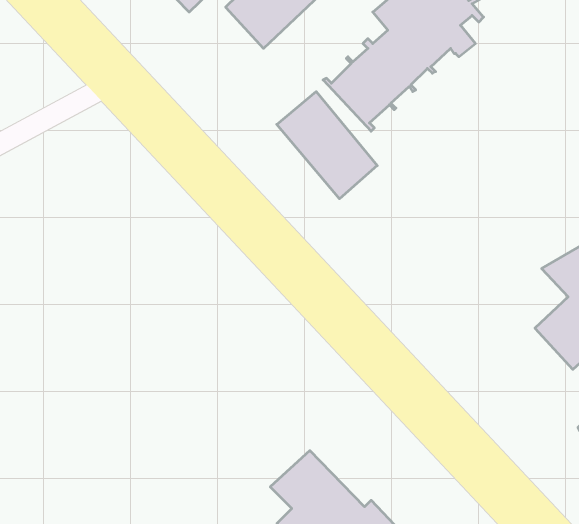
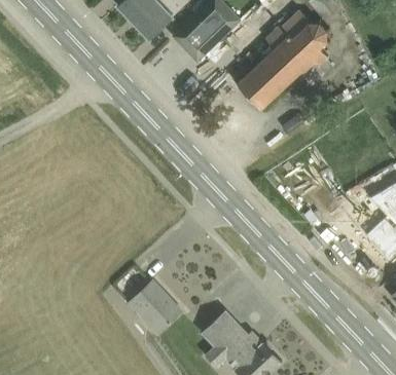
building: [277,92,377,199] -> none
building: none -> [130,280,182,333]

